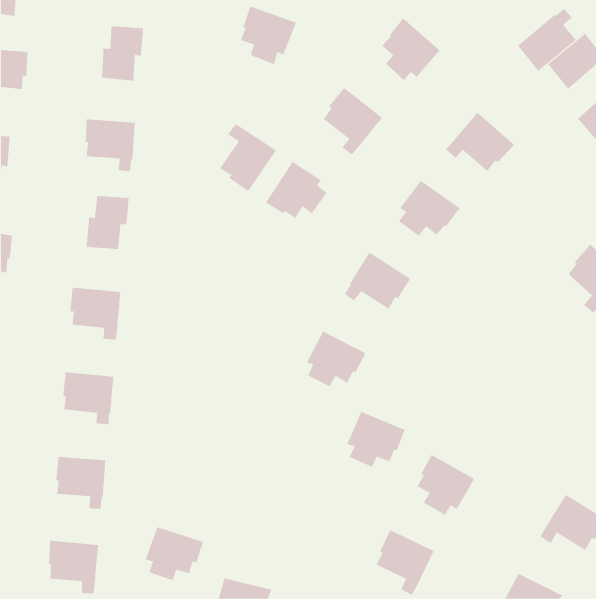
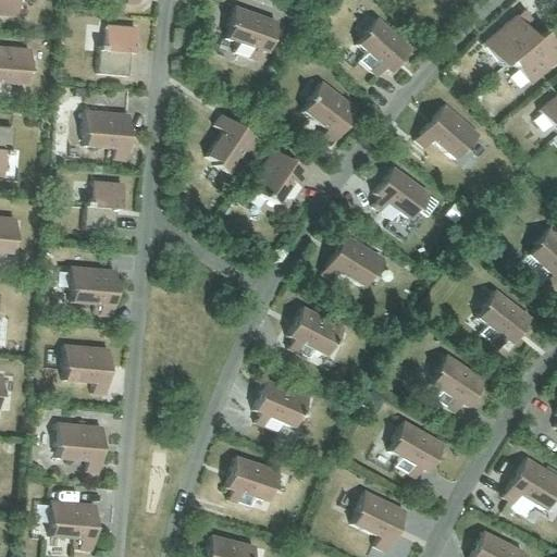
building: none -> [478,288,532,347]
building: none -> [431,354,485,411]
building: [347,411,406,468] -> [255,379,309,431]
building: [145,527,204,581] -> [226,456,281,506]

